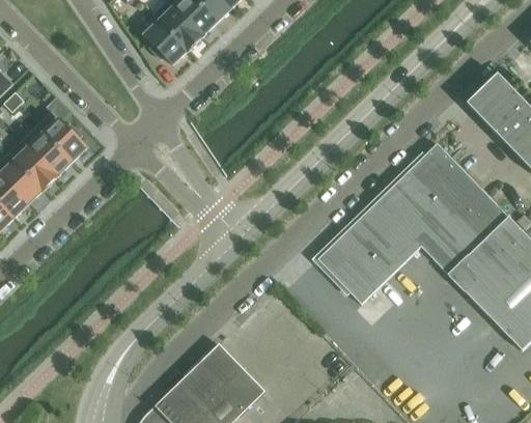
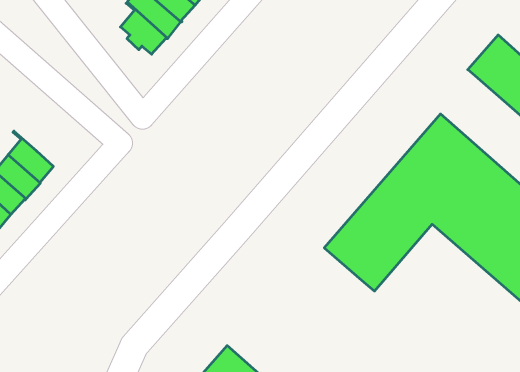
building: [37,111,86,162] -> none

